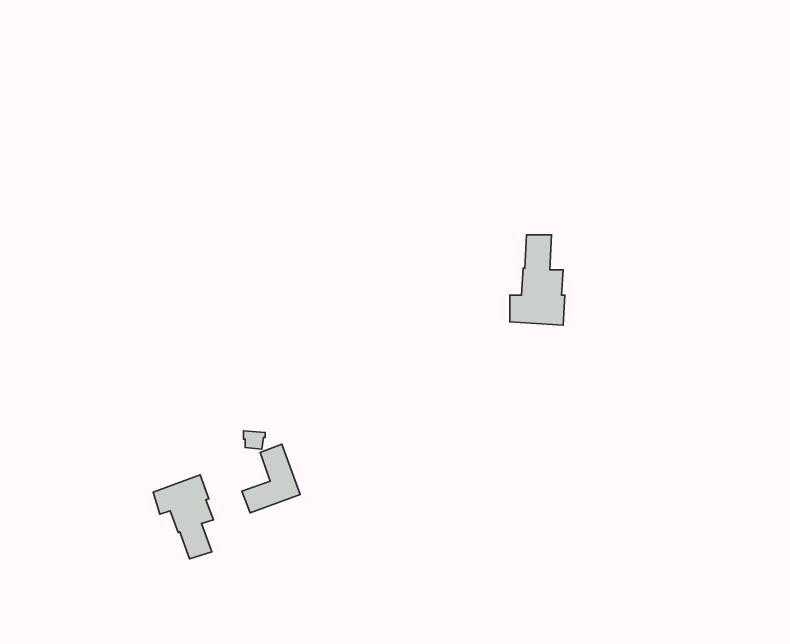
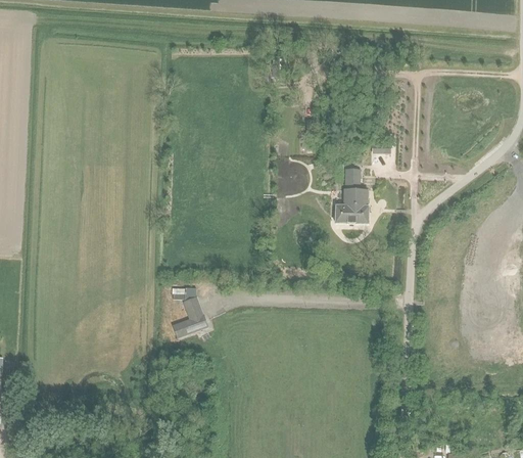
building: [153,475,214,559] -> none

